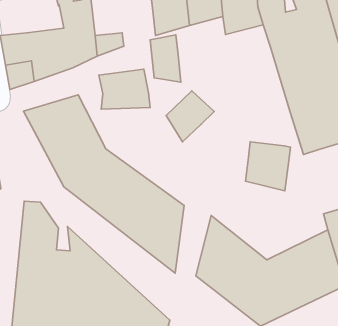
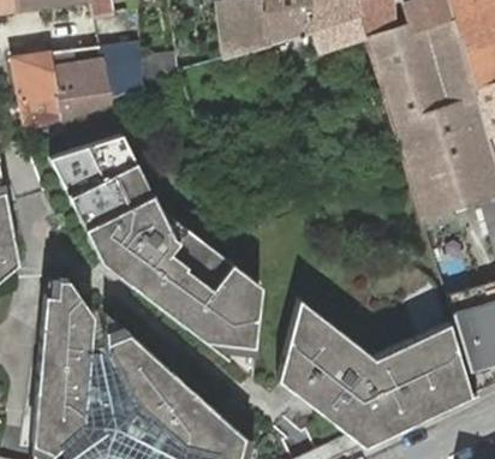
building: [150,35,181,82] -> none
building: [99,69,150,109] -> none
building: [166,91,214,142] -> none
building: [246,142,290,191] -> none

